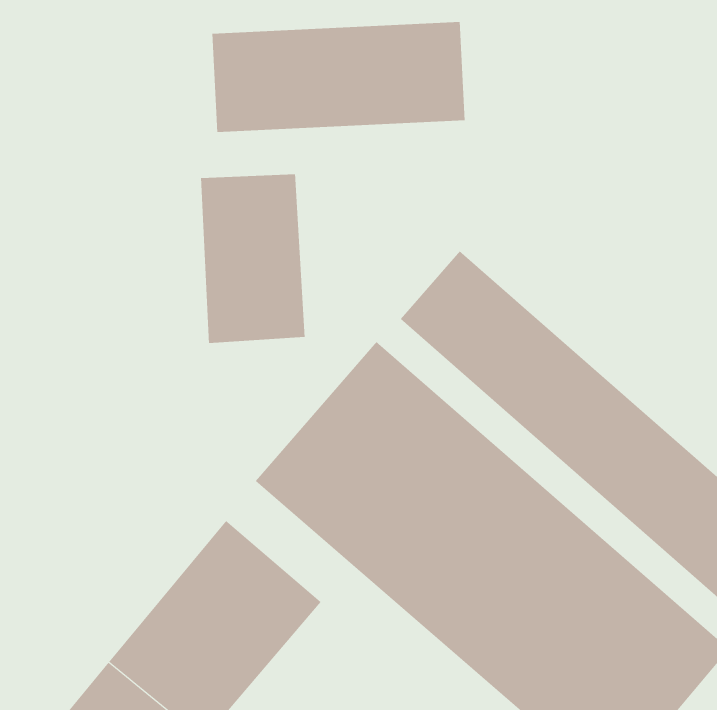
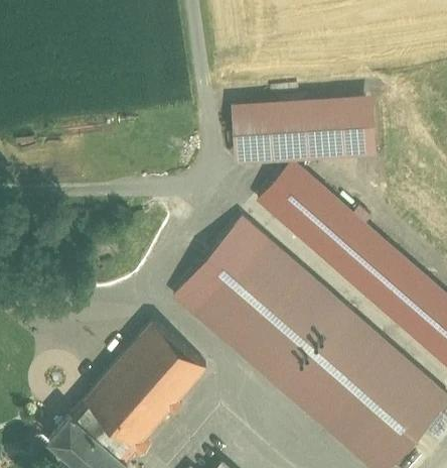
building: [211,22,466,133] -> [229,96,379,161]
building: [201,174,305,344] -> none

